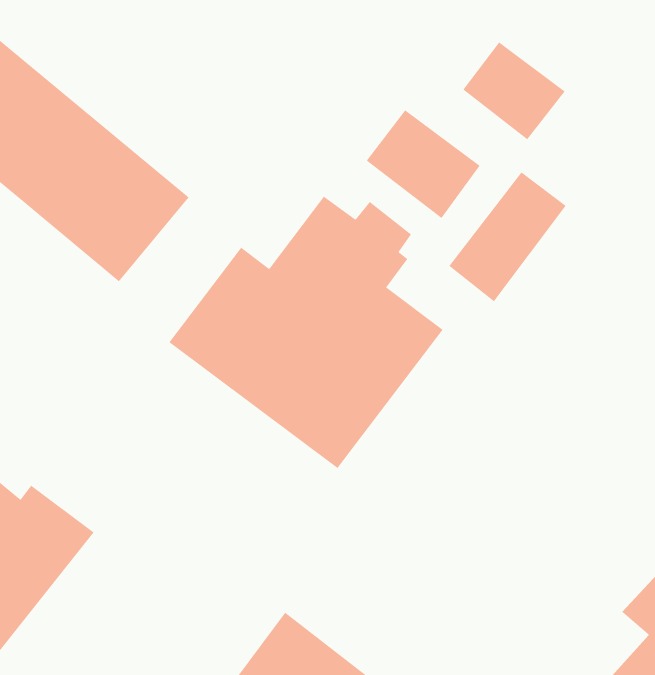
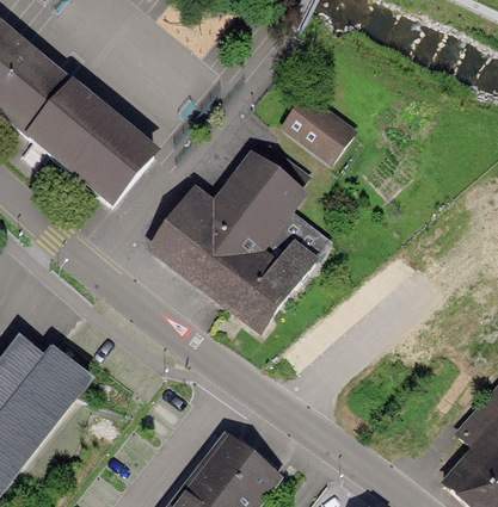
building: [462,41,565,140] -> none
building: [448,171,566,302] -> none

